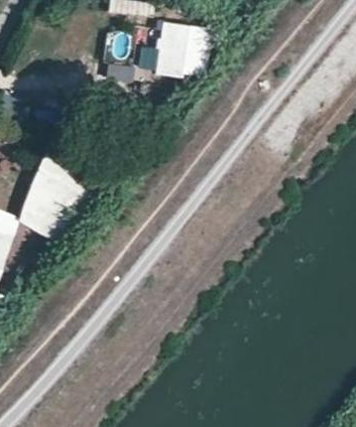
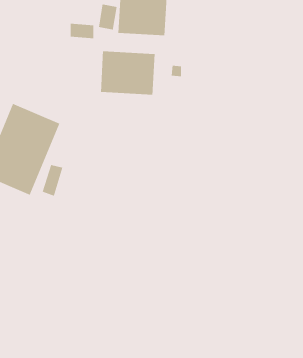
building: none -> [100,50,155,96]

